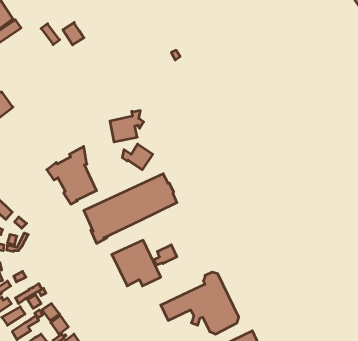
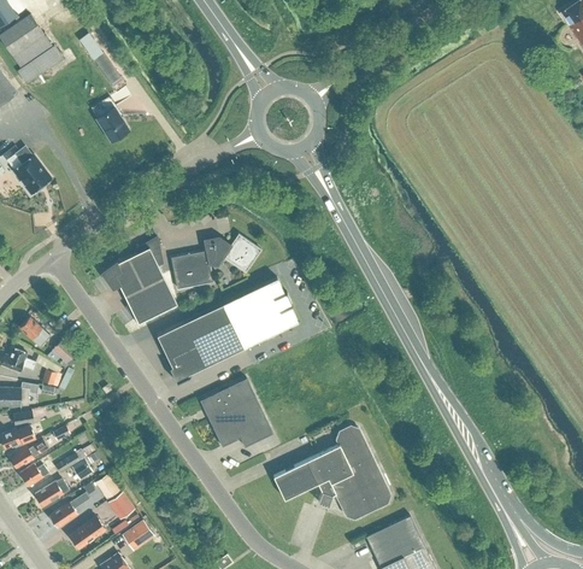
building: [63,22,84,45] -> [96,107,128,141]
building: [110,111,144,142] -> [171,242,222,289]
building: [154,245,177,265] -> none

